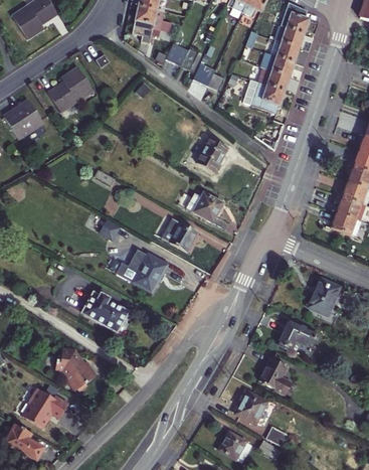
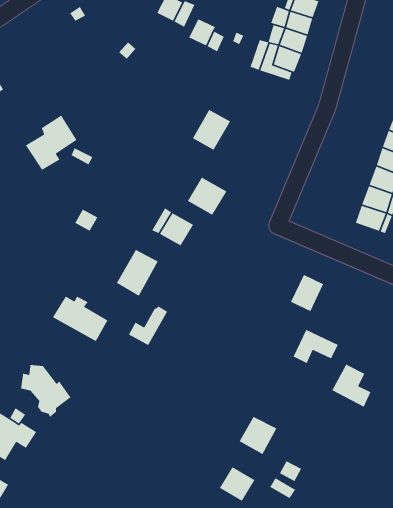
building: [47,65,90,112] -> [25,114,78,171]
building: [116,248,149,281] -> [128,306,168,346]
building: [309,282,337,313] -> [290,274,324,312]
building: [257,357,291,394] -> [331,364,372,408]

